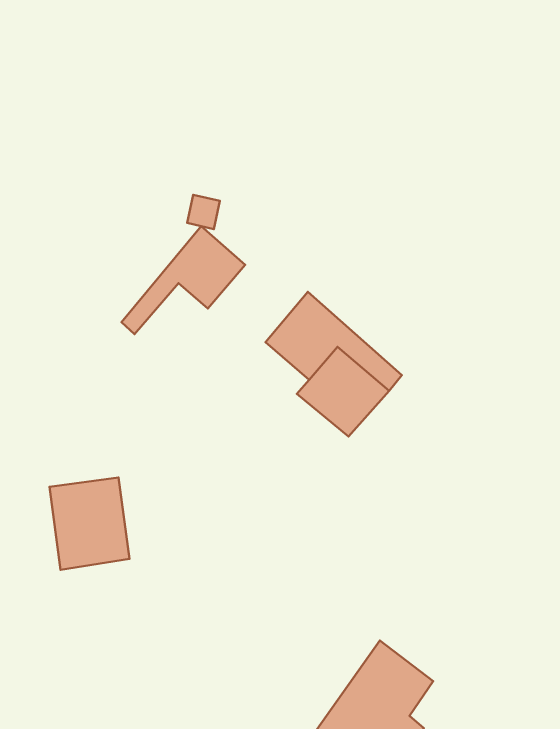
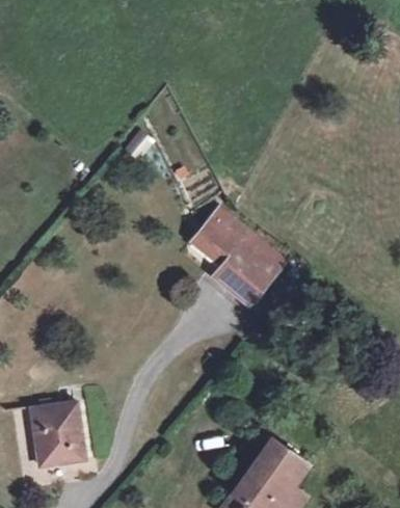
building: [121,226,245,334] -> none
building: [50,477,129,570] -> [29,406,82,467]

